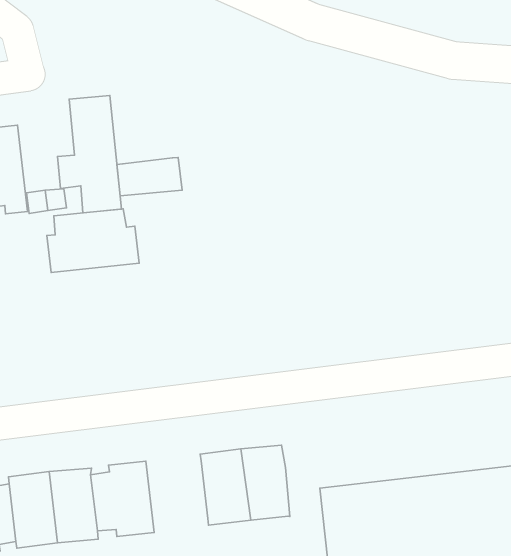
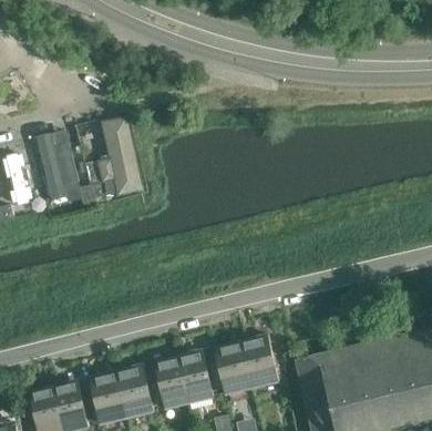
building: [117,157,182,196] -> none
building: [47,209,139,272] -> none
building: none -> [178,350,224,402]

